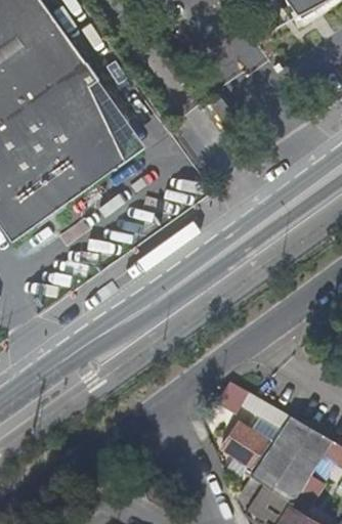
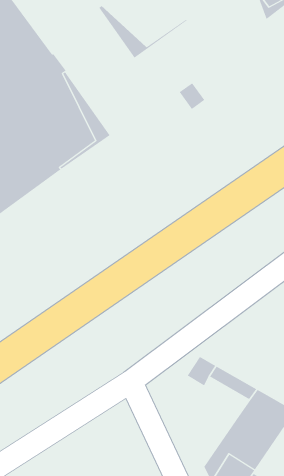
building: none -> [98,5,187,58]
building: [226,418,279,468] -> none

